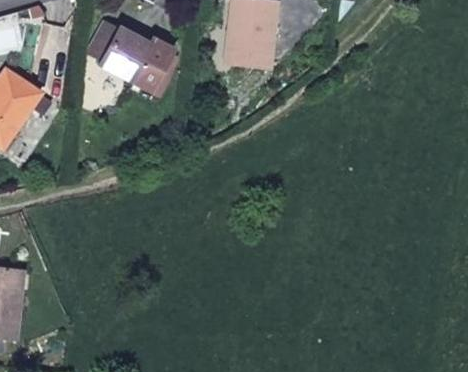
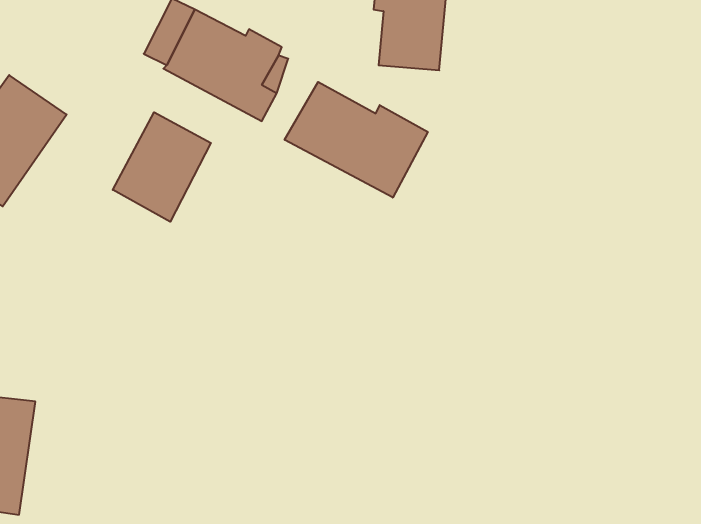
building: none -> [285,82,428,198]
building: none -> [113,112,211,222]

